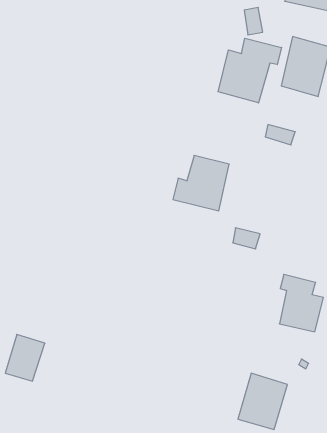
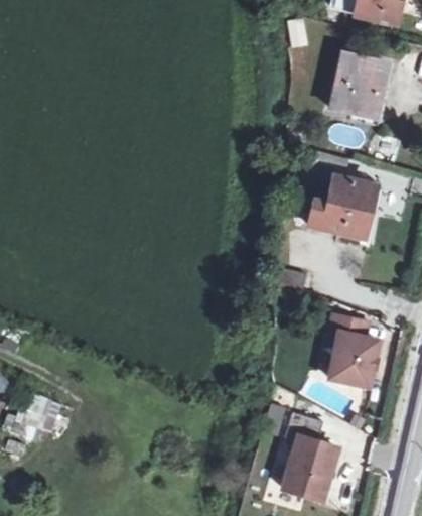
building: [218,38,282,103] -> none
building: [173,155,229,211] -> [310,174,375,238]

